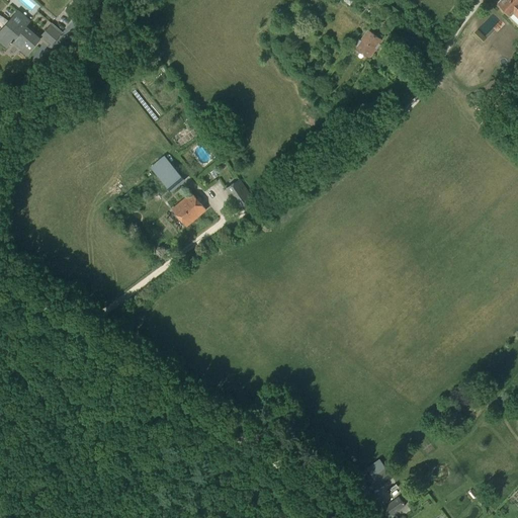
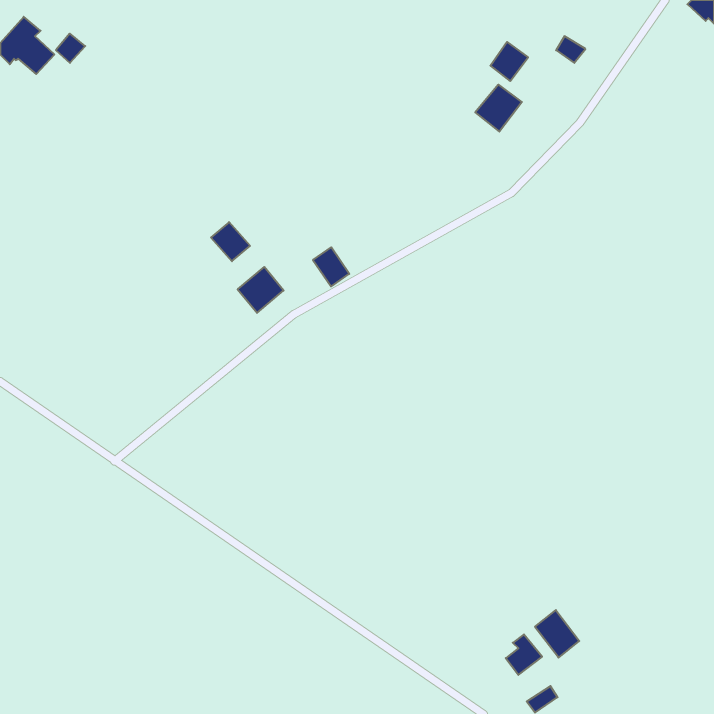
building: none -> [475,85,522,132]
building: none -> [535,610,579,658]

